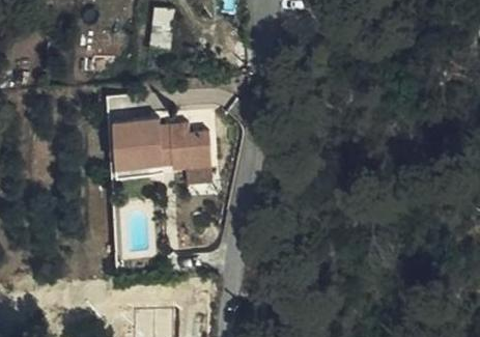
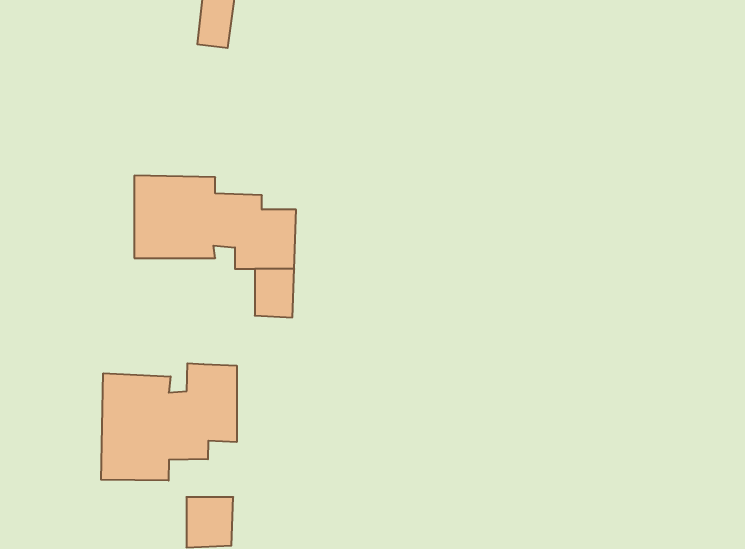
building: none -> [101,363,237,481]

